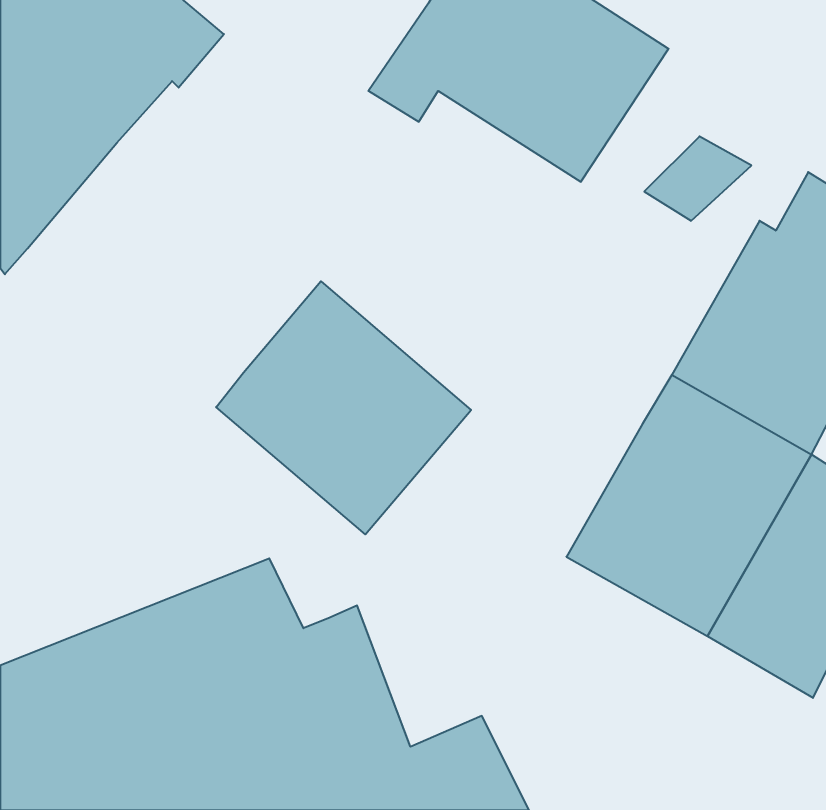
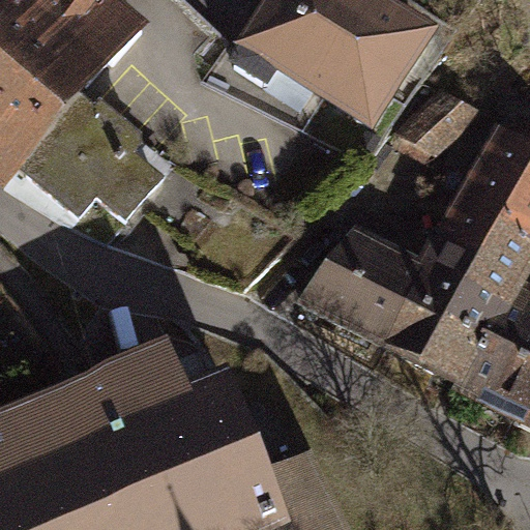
building: none -> [20,91,161,214]
building: [216,281,471,534] -> none
building: none -> [292,230,412,355]

